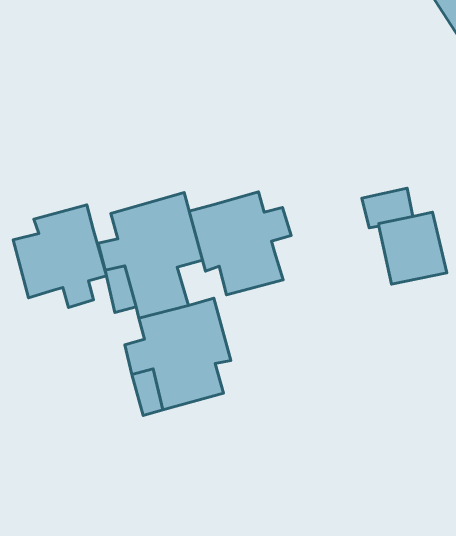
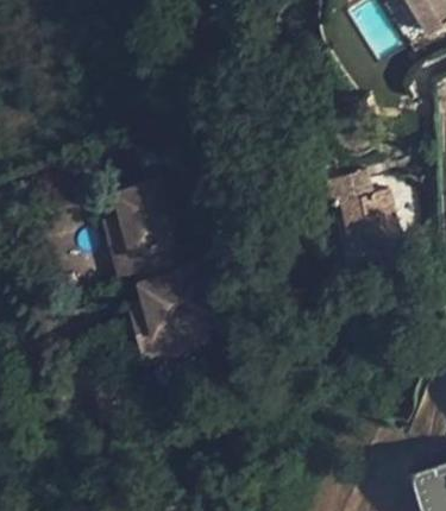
building: [189,192,291,295] -> none
building: [13,205,106,308] -> none

